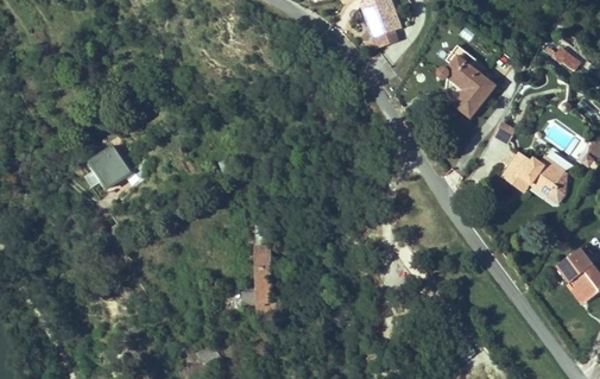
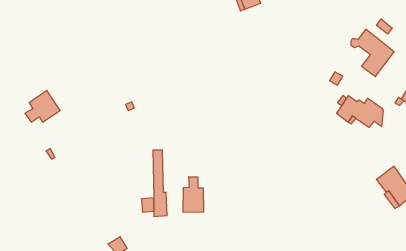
building: [437,50,495,114] -> [351,29,394,77]
building: none -> [183,177,204,212]

